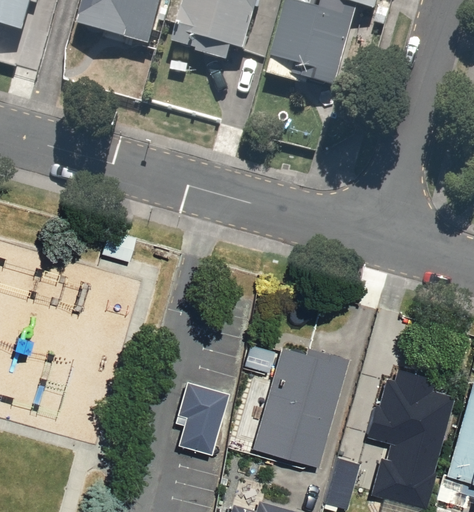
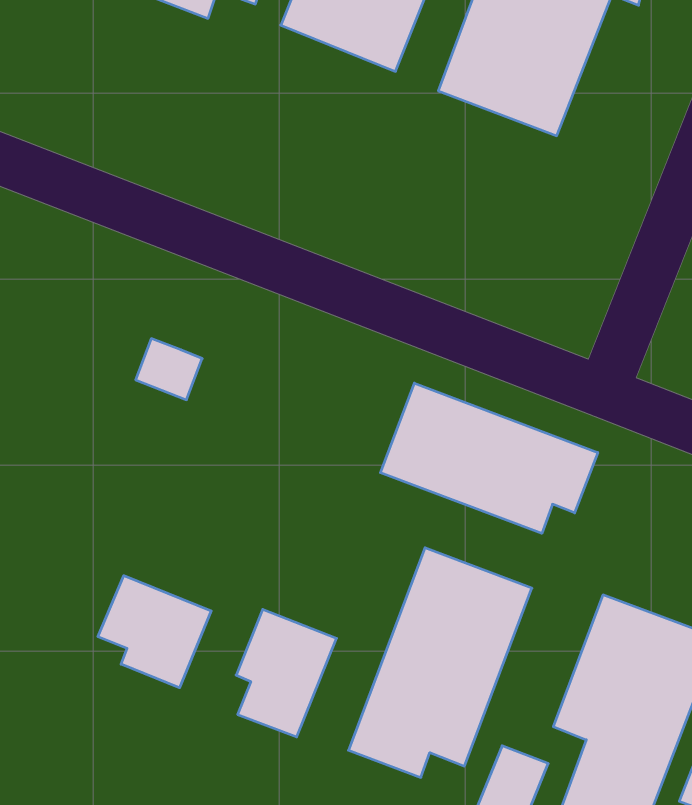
building: none -> [380,383,598,533]
building: none -> [98,576,211,688]

